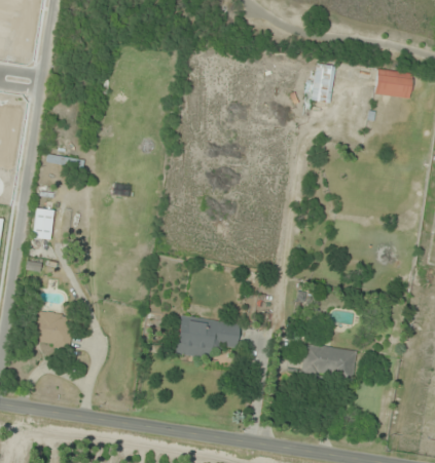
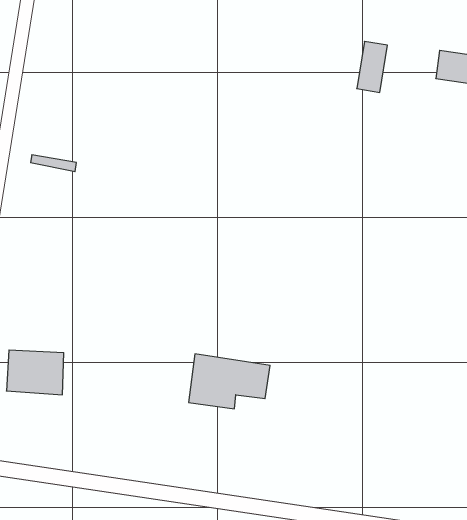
building: [35,208,52,238] -> none
building: [301,344,357,382] -> none

